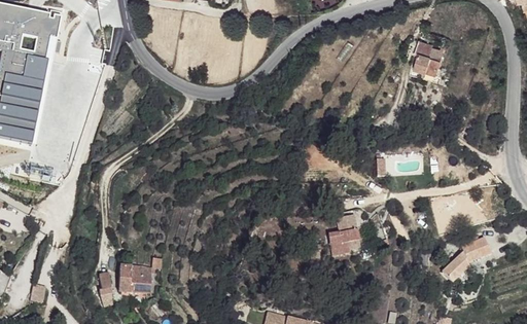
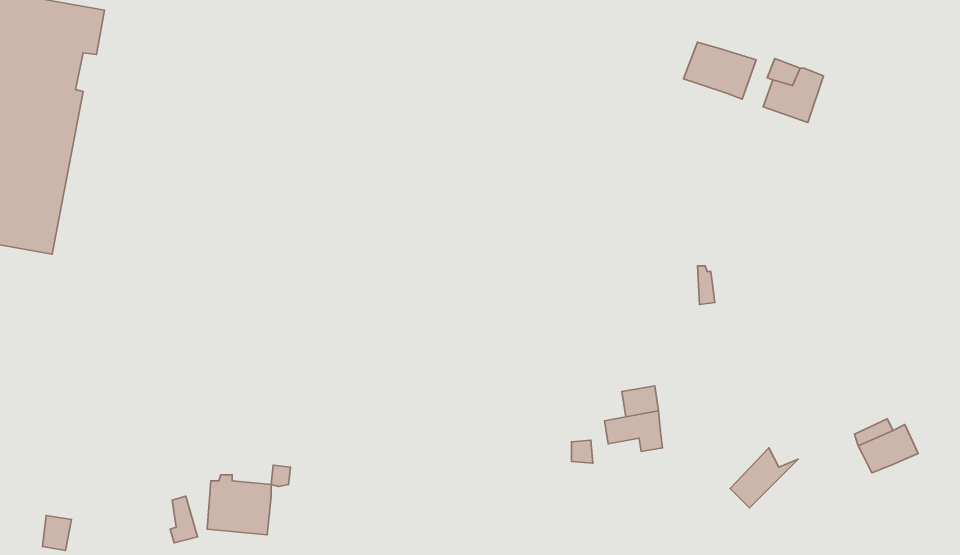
building: none -> [683,42,756,99]
building: [443,251,479,283] -> [730,448,798,508]

